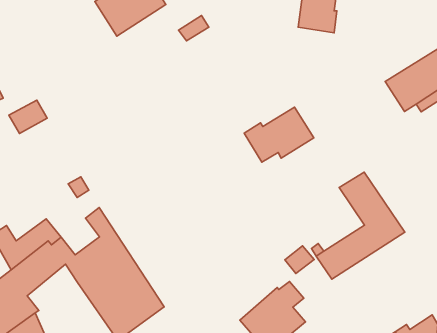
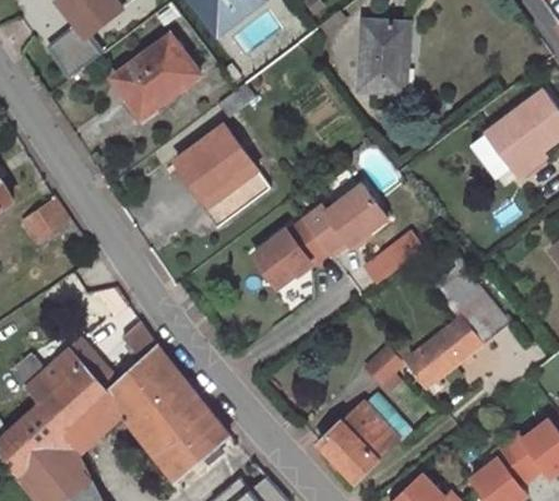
building: none -> [175,127,265,222]
building: none -> [253,220,329,287]
building: none -> [360,232,424,284]
building: none -> [61,394,120,452]

